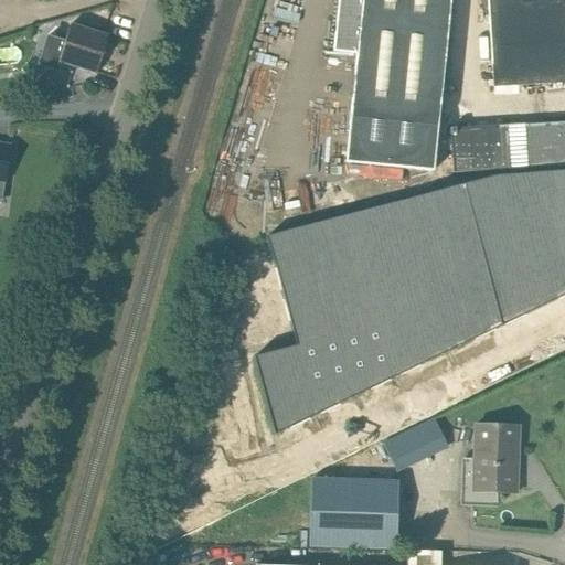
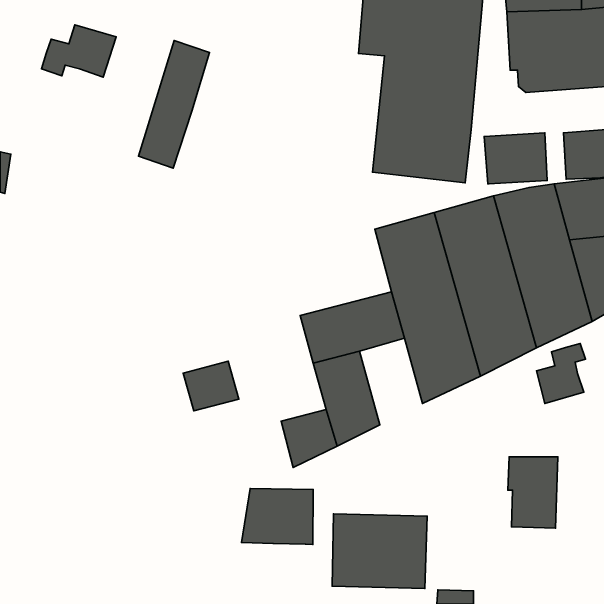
building: none -> [138,41,210,168]
building: [266,213,366,294] -> none
building: [337,315,395,395] -> none
building: none -> [537,343,586,403]
building: [254,345,306,392] -> [183,361,239,411]
building: [382,415,450,465] -> none
building: none -> [242,488,313,545]

